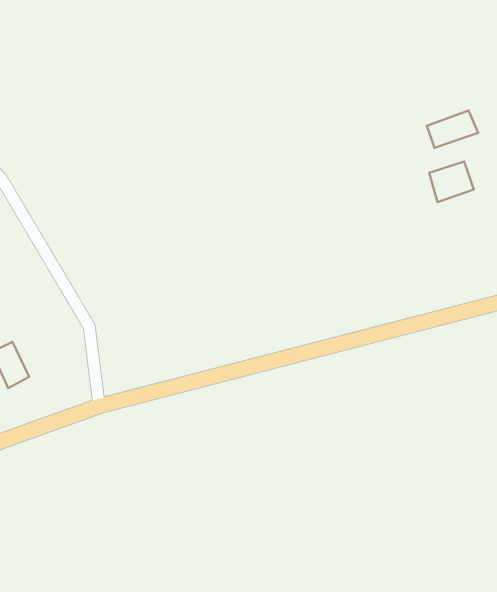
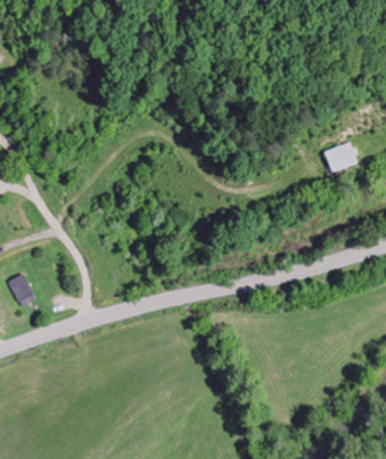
building: [427,111,478,148] -> none

